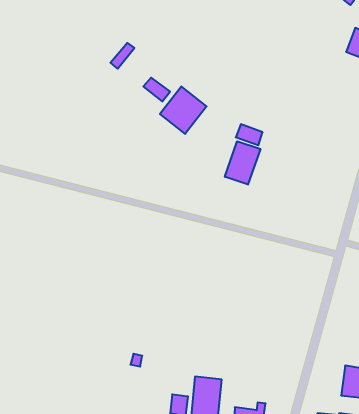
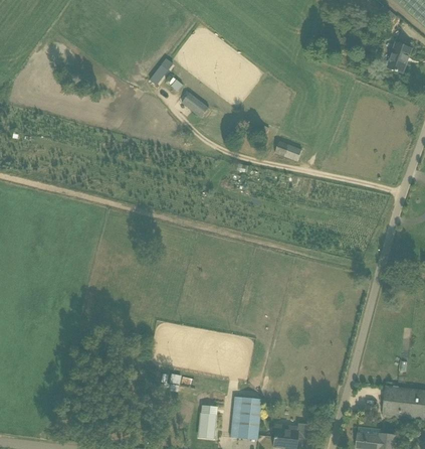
building: [160,86,207,134] -> none
building: [225,141,260,185] -> none

